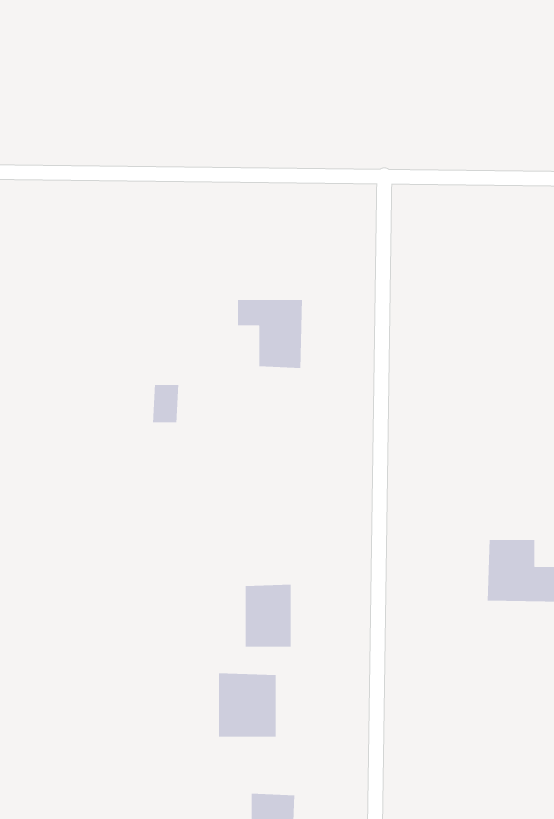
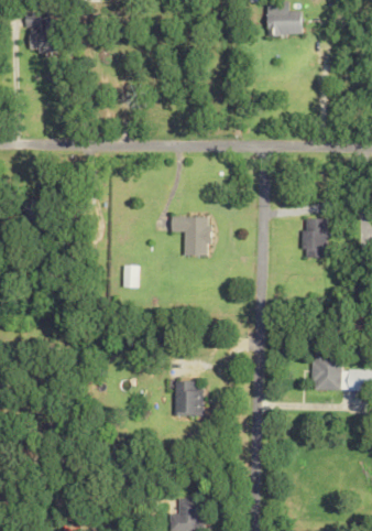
building: none -> [304,219,326,259]
building: [218,673,277,737] -> none

